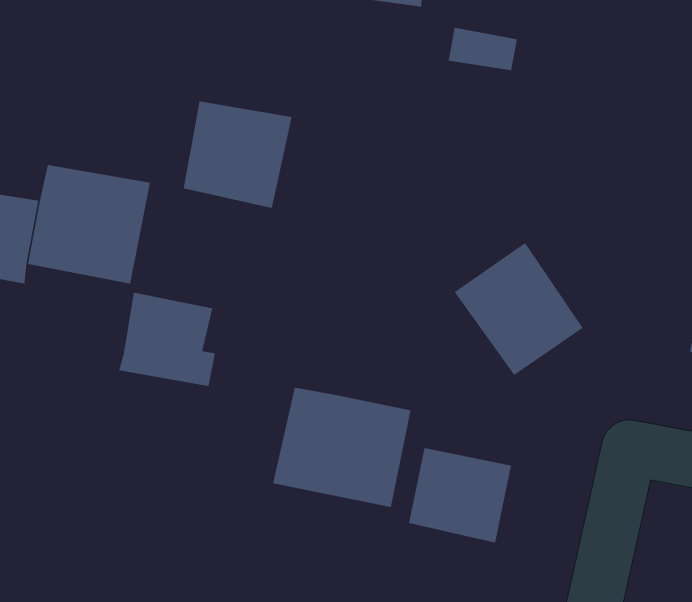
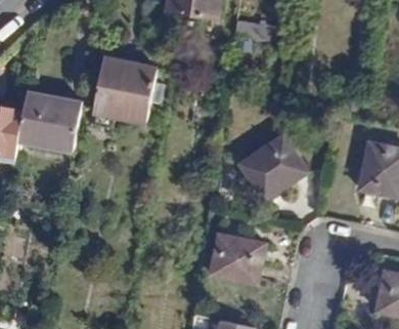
building: [118,292,215,387] -> none
building: [272,387,411,508] -> none

